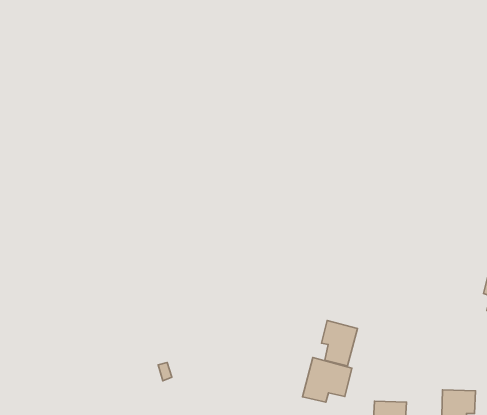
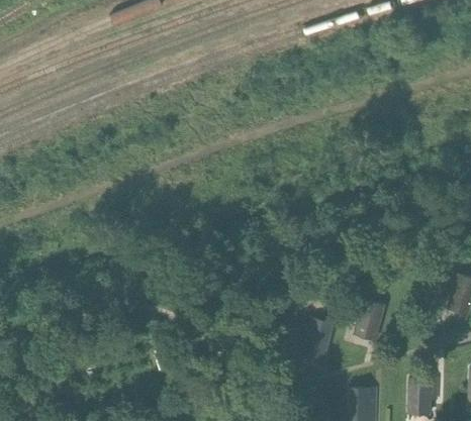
building: none -> [351,300,383,340]
building: [303,358,352,402] -> none

